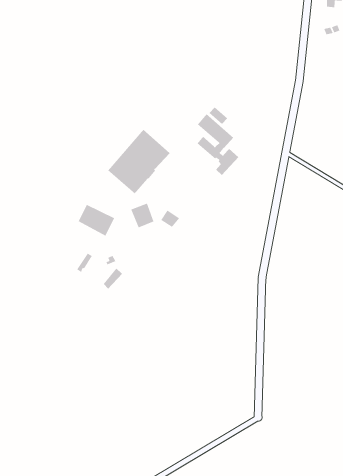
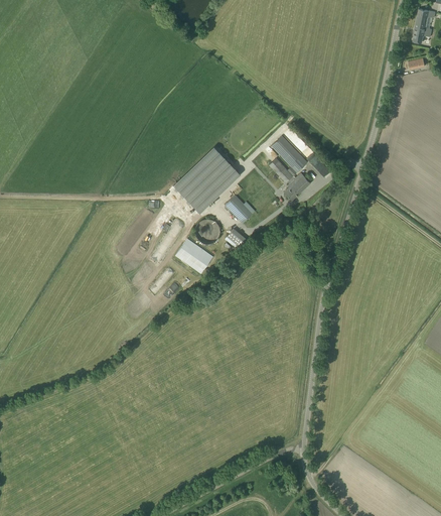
building: none -> [225,196,253,224]
building: [77,204,115,237] -> [174,239,212,274]

